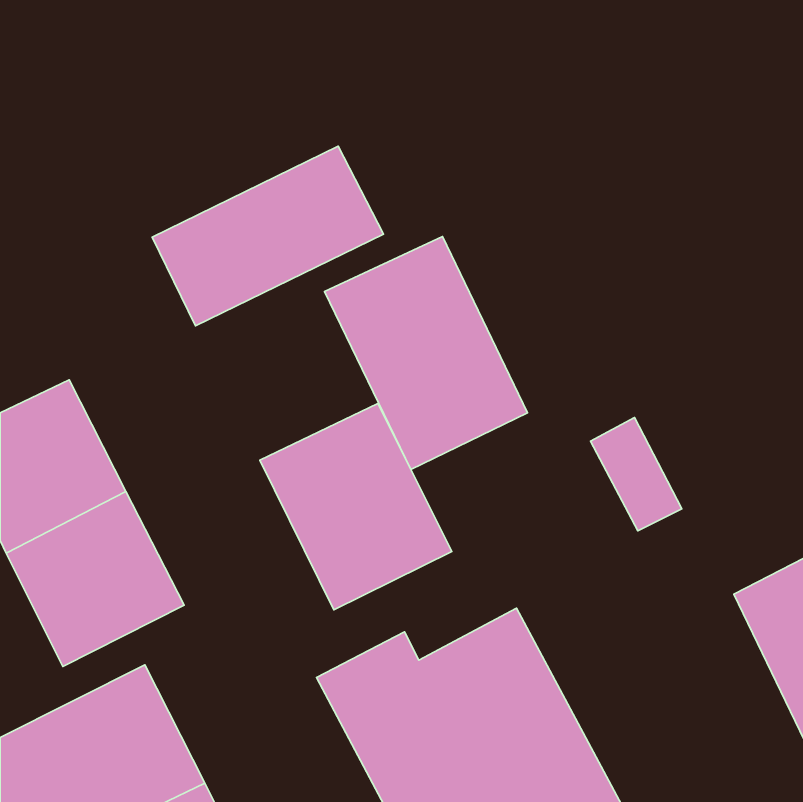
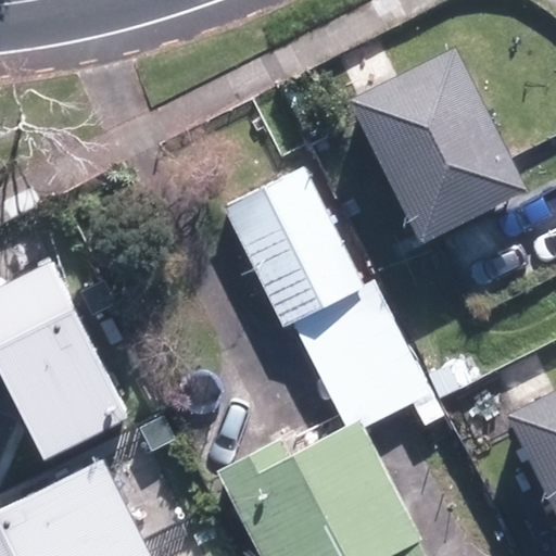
building: none -> [345,48,523,243]
building: [152,146,383,326] -> none
building: [260,403,452,610] -> [296,283,429,426]

